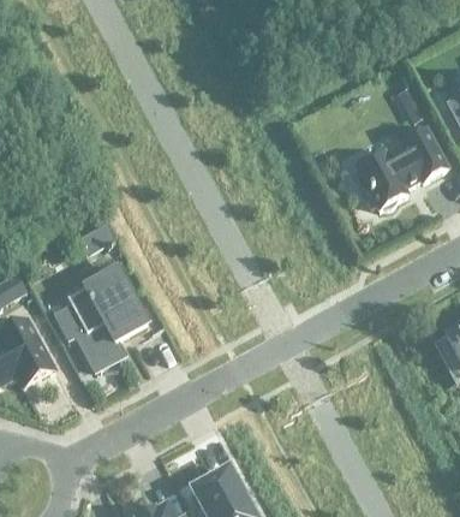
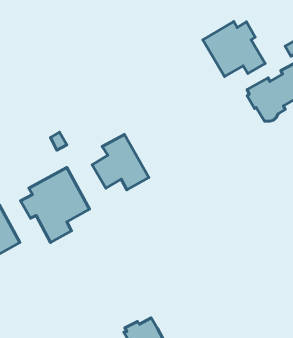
building: none -> [203,22,265,76]
building: none -> [92,134,149,190]

